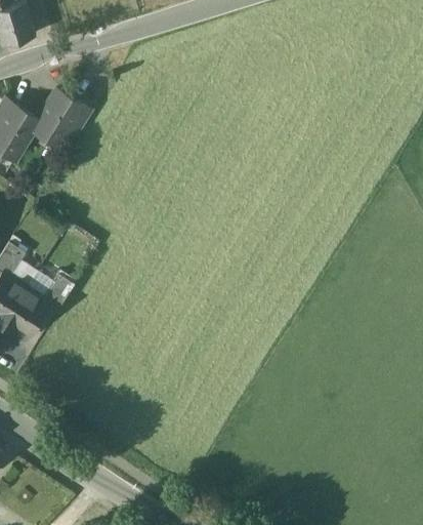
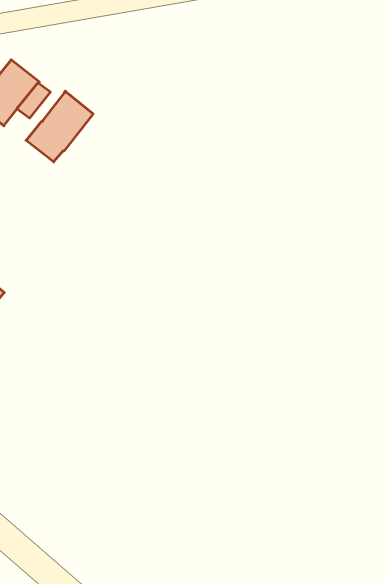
building: none -> [26,91,93,162]

